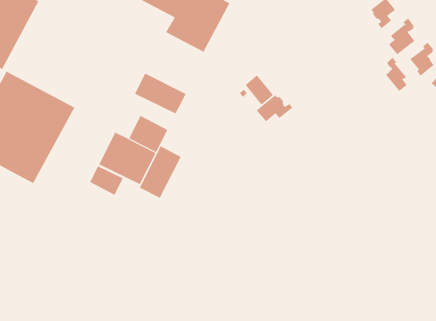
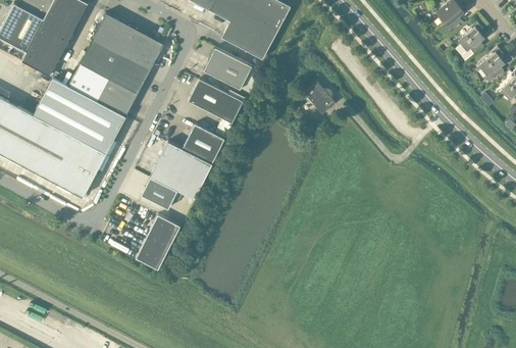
building: none -> [67,13,161,116]
building: none -> [203,48,251,89]
building: [385,57,408,92] -> none
building: [256,94,293,122] -> none
building: [139,145,182,199] -> [135,214,179,270]

